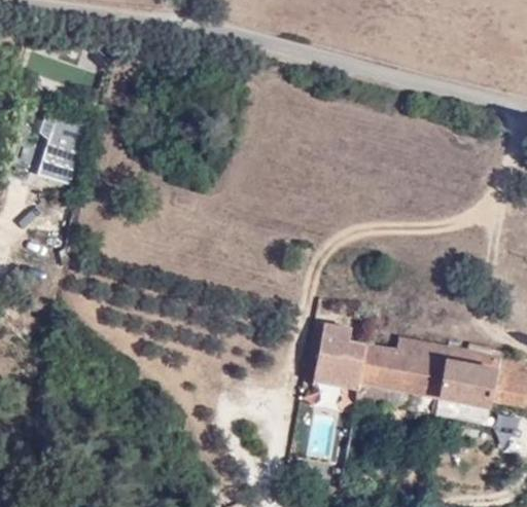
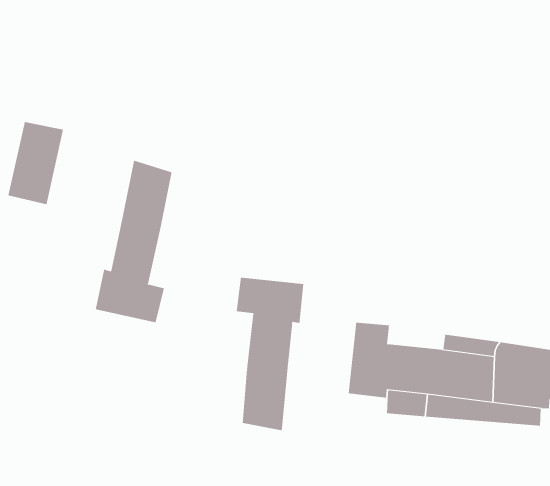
building: none -> [95,160,172,323]
building: none -> [236,277,304,431]

